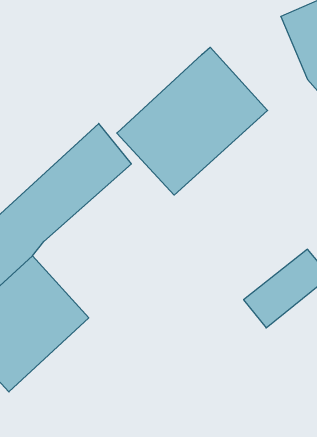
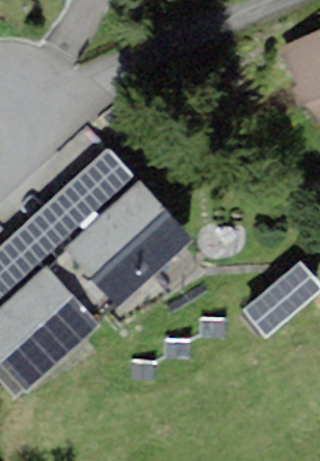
building: [117,47,268,195] -> none
building: none -> [59,182,192,312]

